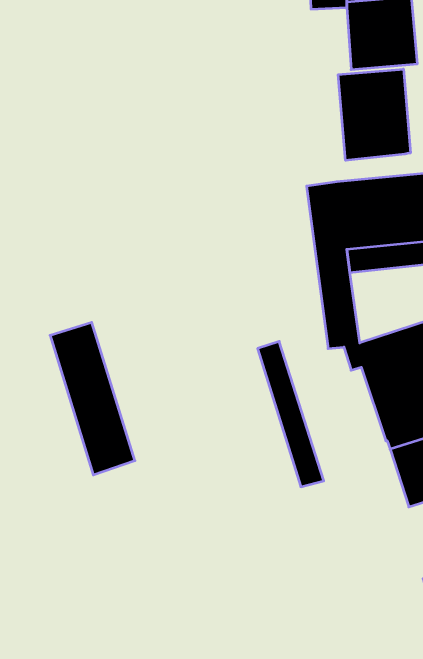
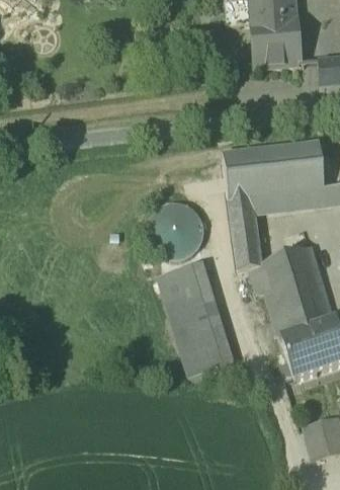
building: [338,69,410,160] -> none
building: none -> [145,198,203,257]
building: [50,322,135,475] -> [159,265,219,373]

